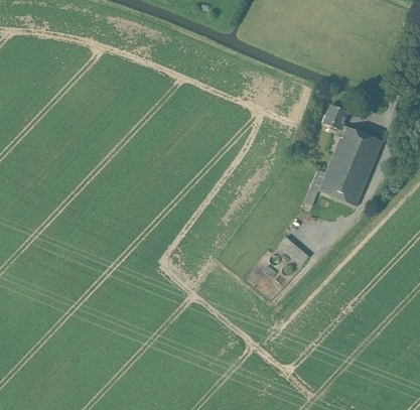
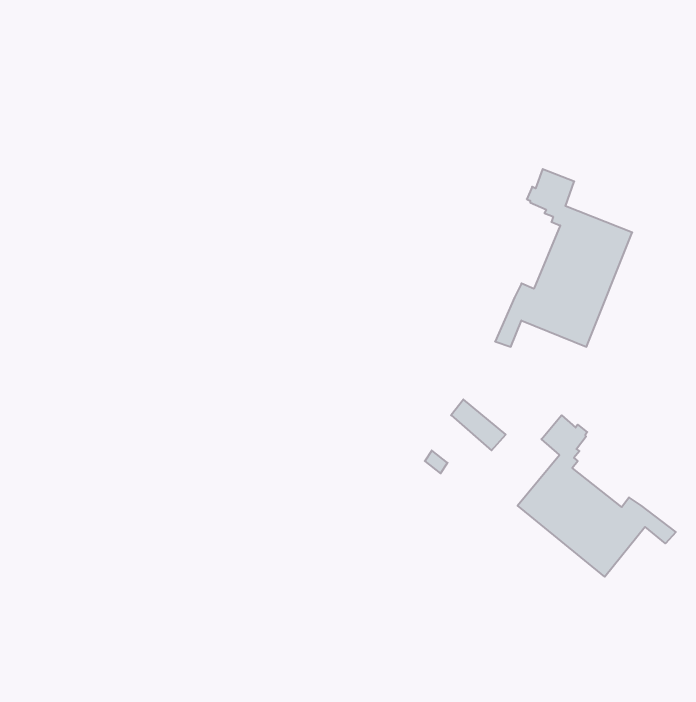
building: none -> [518,415,676,577]

